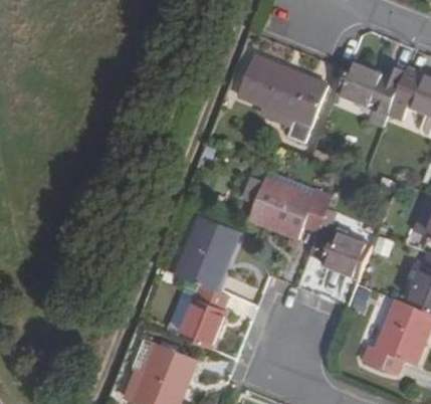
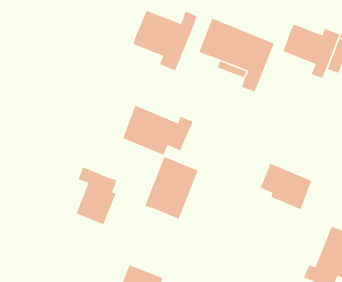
building: none -> [132,10,198,72]
building: [249,177,334,237] -> [122,105,194,156]
building: [178,279,227,349] -> [76,166,117,225]

